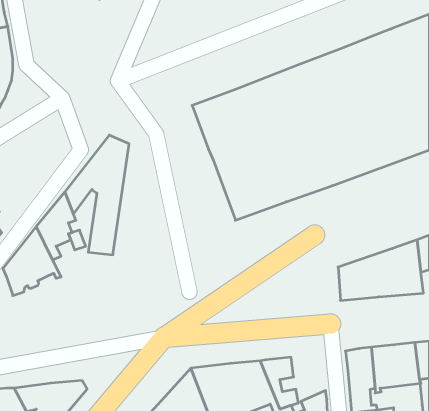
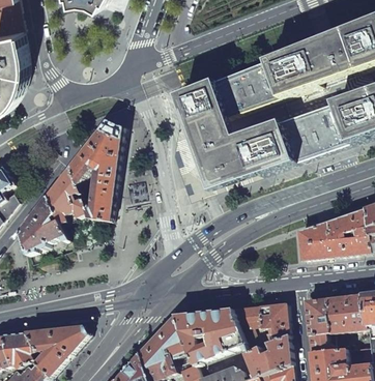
building: none -> [258,304,287,346]

